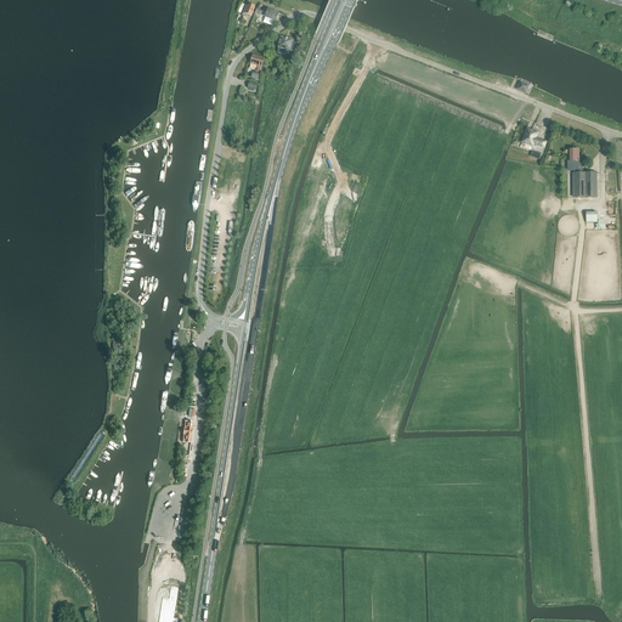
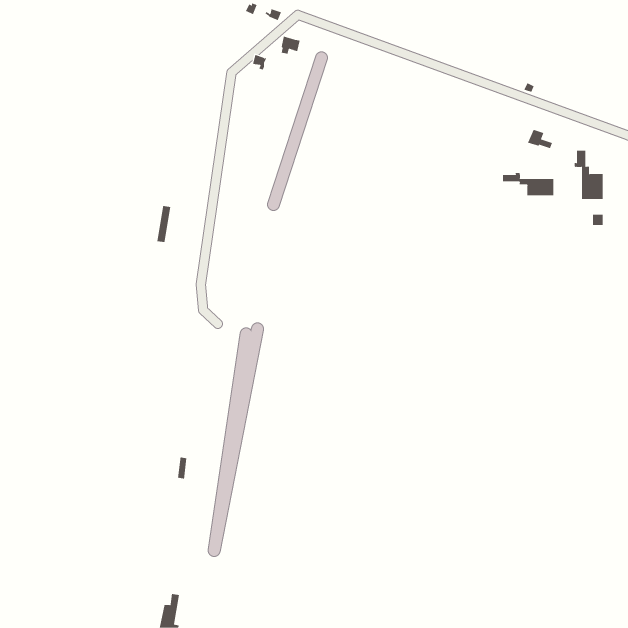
building: none -> [502,172,554,196]

